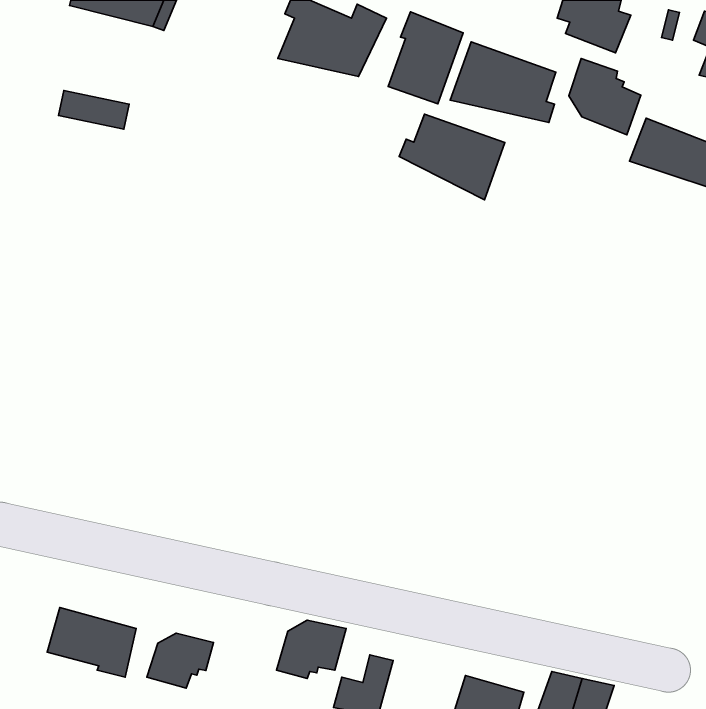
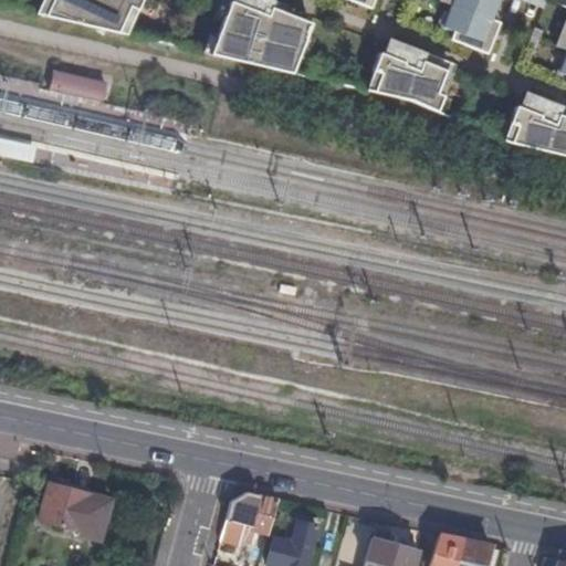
building: [388,12,463,104] -> none
building: [569,58,641,135] -> none
building: [399,114,505,200] -> none
building: [147,633,213,688] -> none

